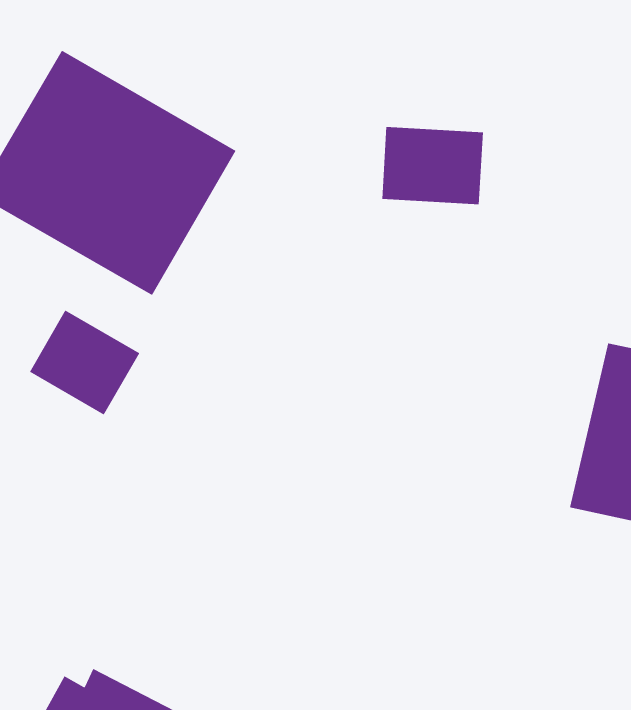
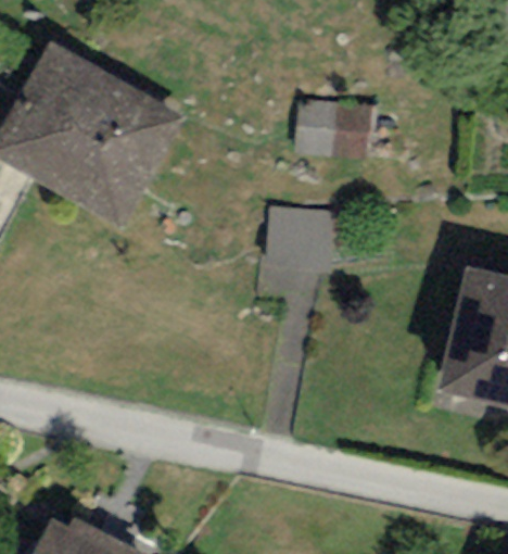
building: none -> [264,206,338,273]
building: [29,309,140,415] -> none

